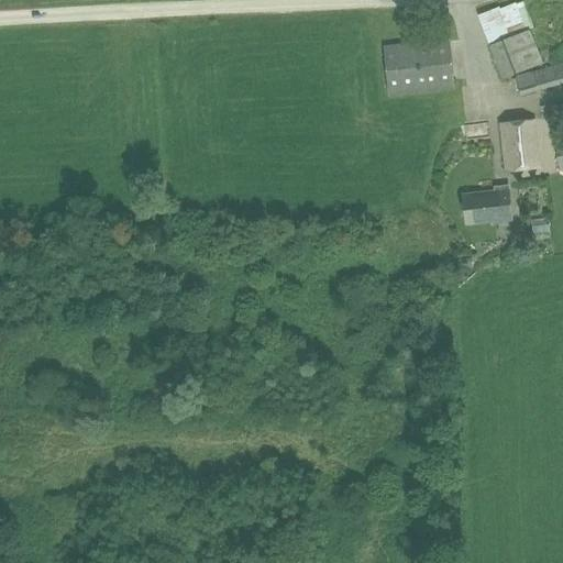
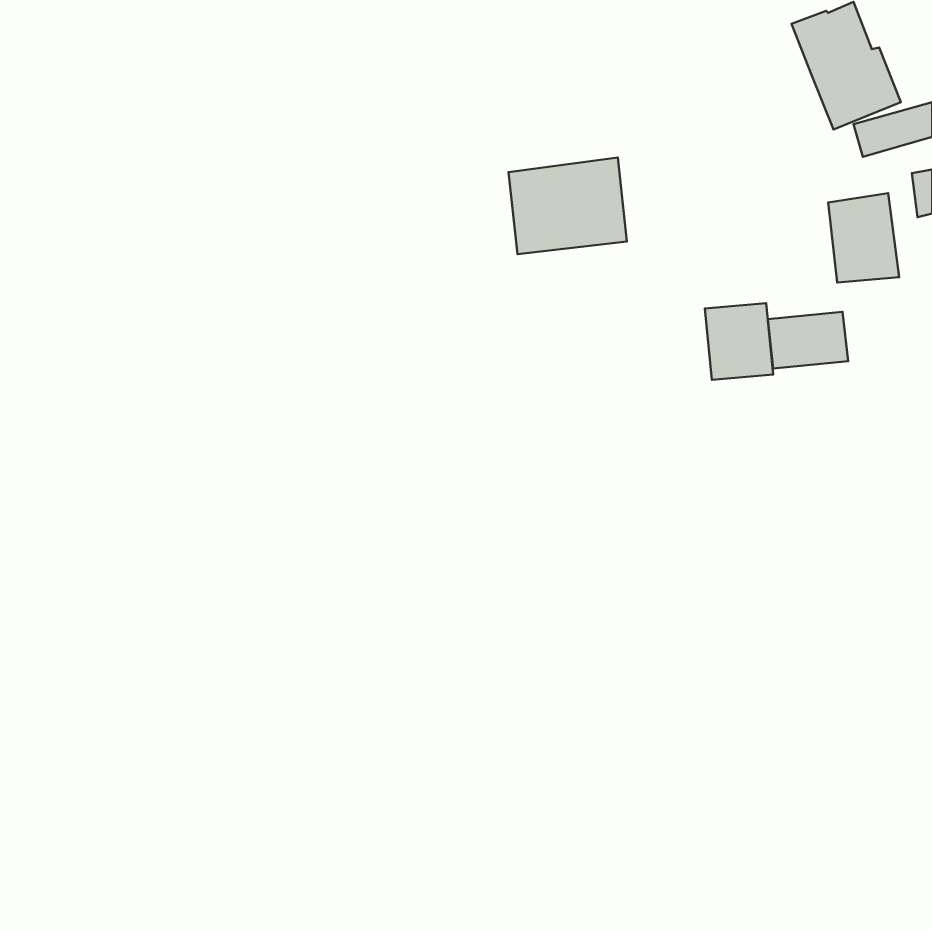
building: [384,36,455,95] -> [508,158,627,254]
building: none -> [705,303,773,380]

